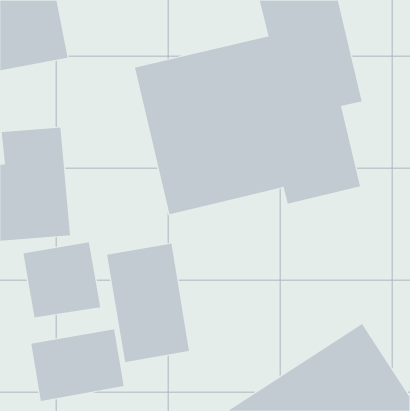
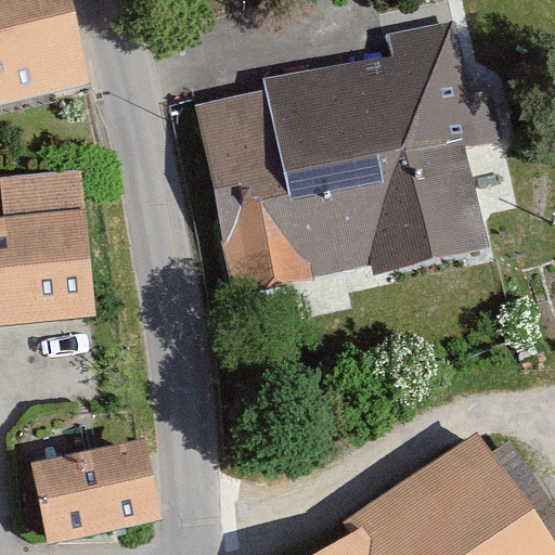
building: [23,242,101,318] -> none
building: [106,243,190,363] -> none

